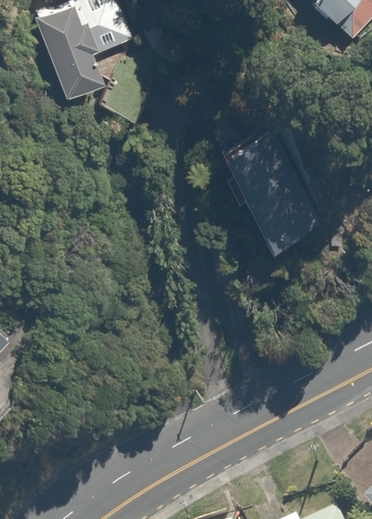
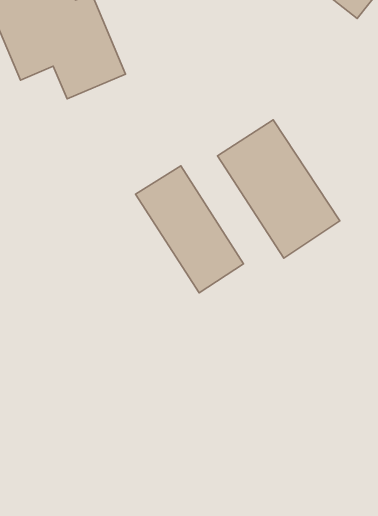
building: none -> [135,166,244,293]

